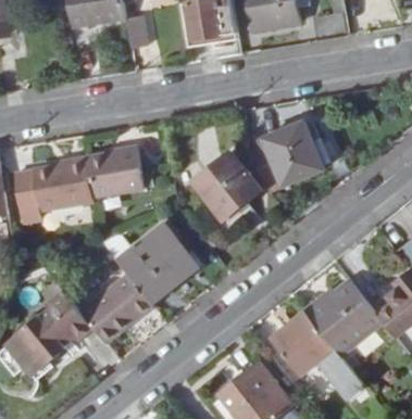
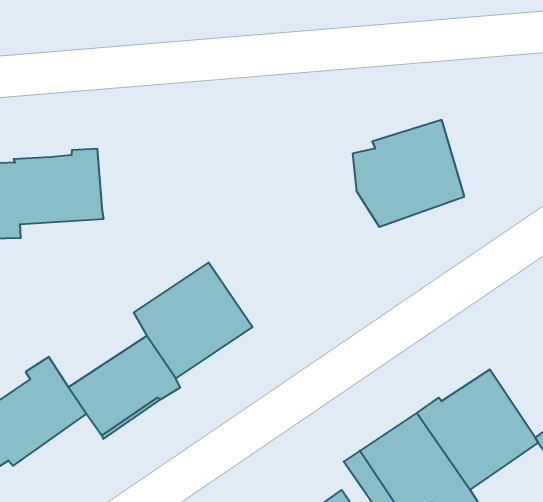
building: [85,149,145,199] -> none
building: [192,152,261,221] -> none

